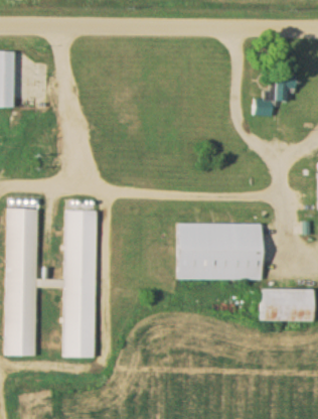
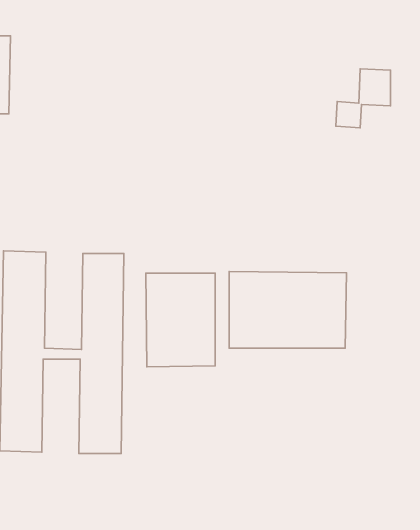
building: none -> [146,273,215,367]
building: [269,289,309,320] -> none

